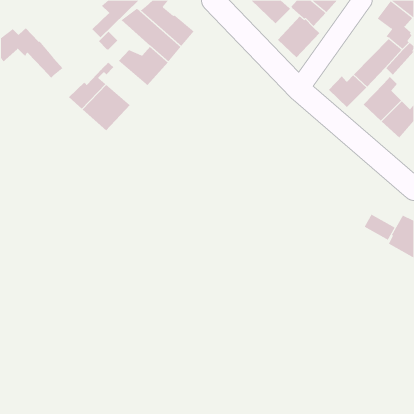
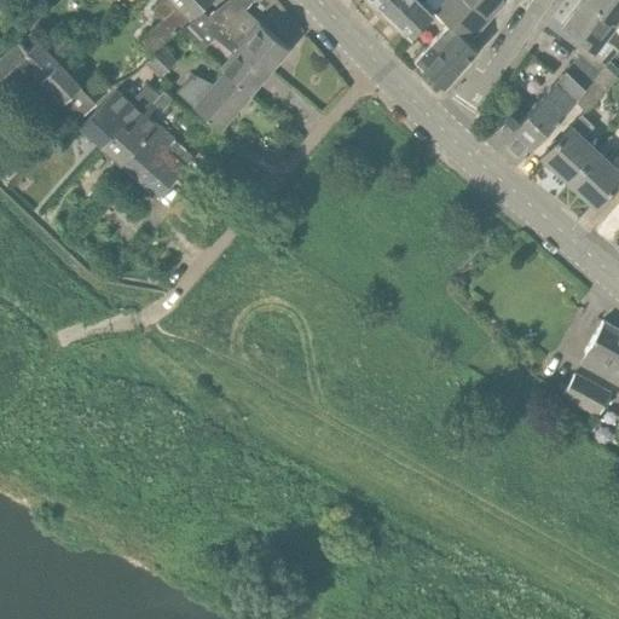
building: none -> [81,86,157,145]
building: [364,214,395,241] -> [563,374,611,413]

